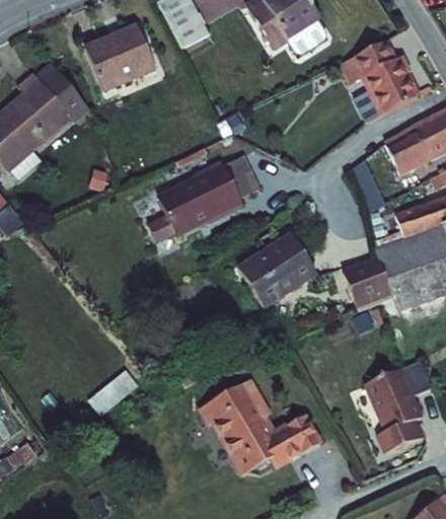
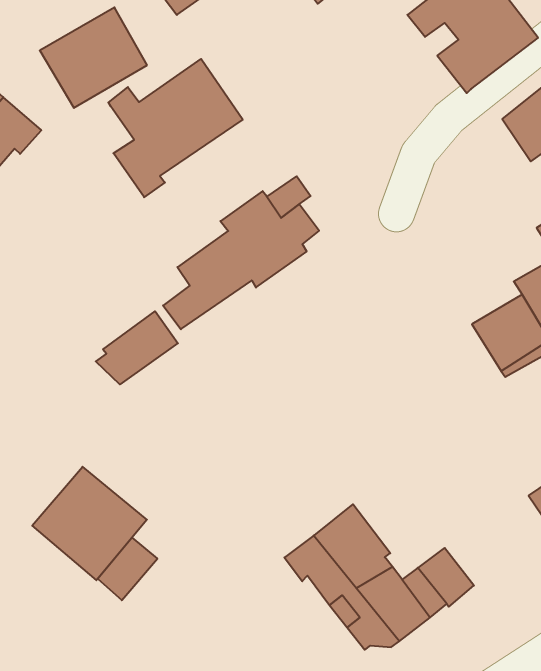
building: none -> [108,59,243,197]
building: none -> [96,311,178,384]
building: [242,234,320,307] -> none
building: none -> [32,467,147,580]

